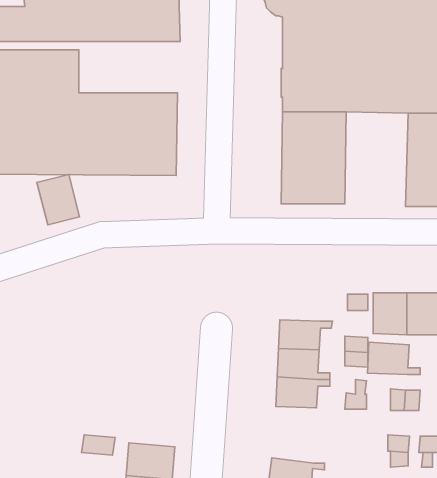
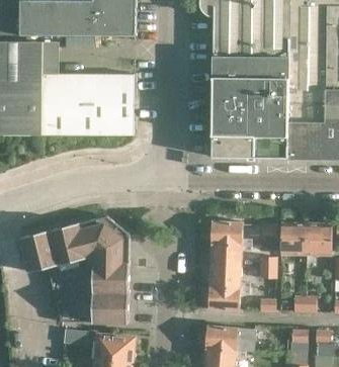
building: none -> [260,88,308,159]
building: [37,175,80,225] -> none
building: none -> [20,215,131,324]
building: [367,342,420,375] -> [211,220,251,245]
building: none -> [205,325,245,351]

